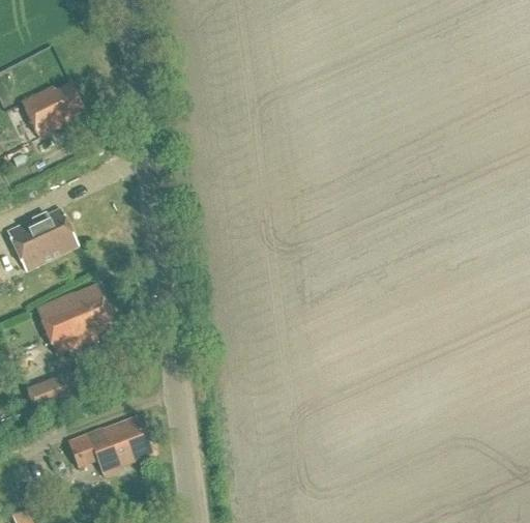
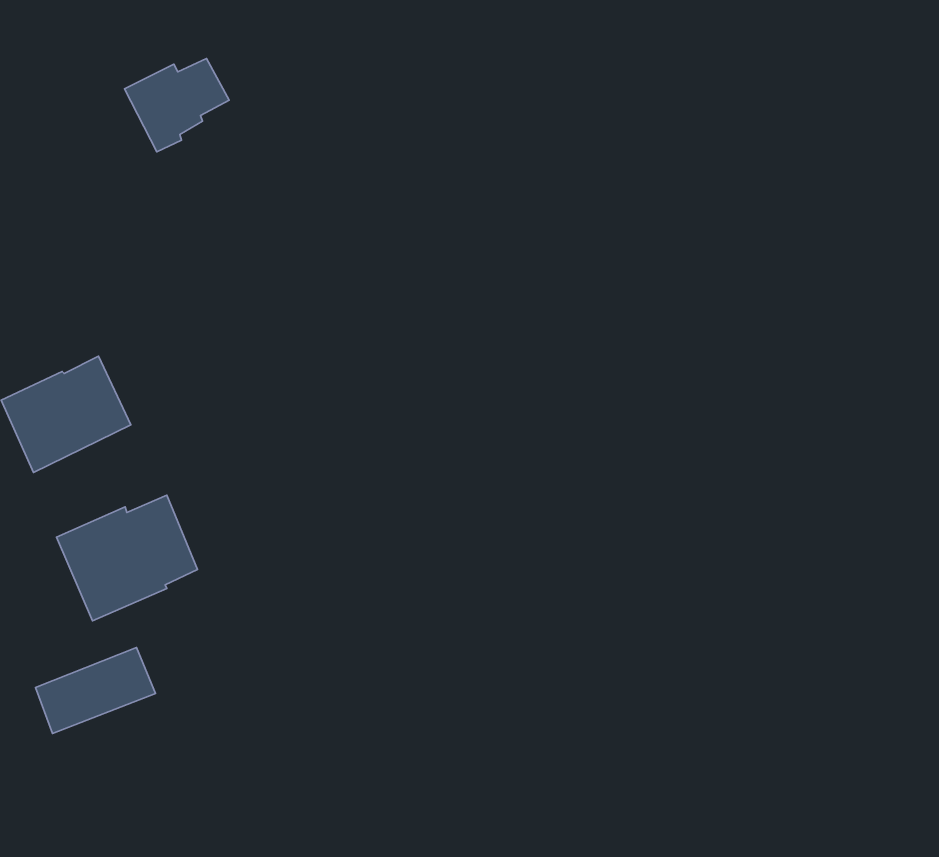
building: [27,85,84,136] -> [124,58,229,152]
building: [65,411,150,473] -> none

